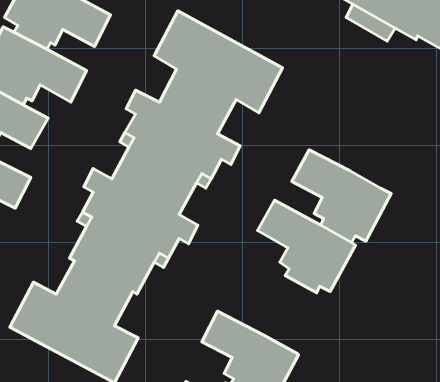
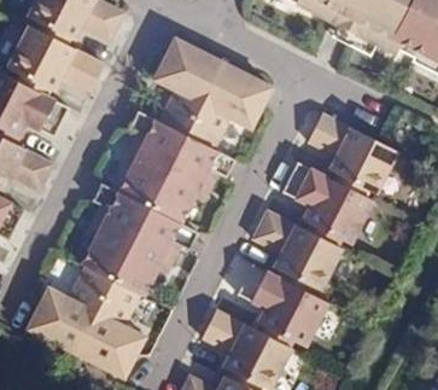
building: none -> [311,109,401,192]
building: none -> [217,246,326,343]

